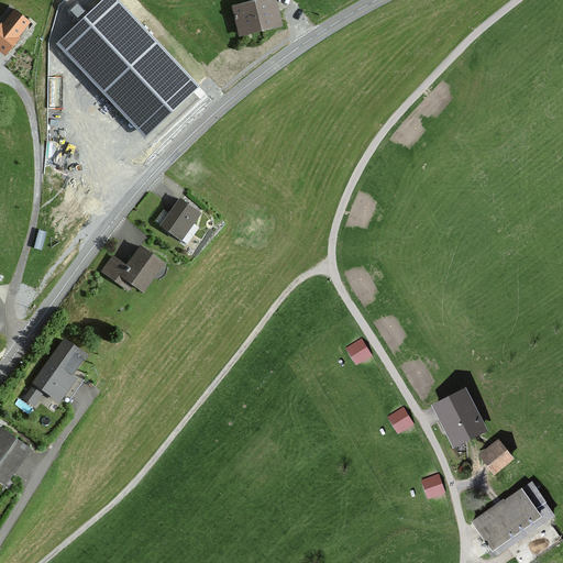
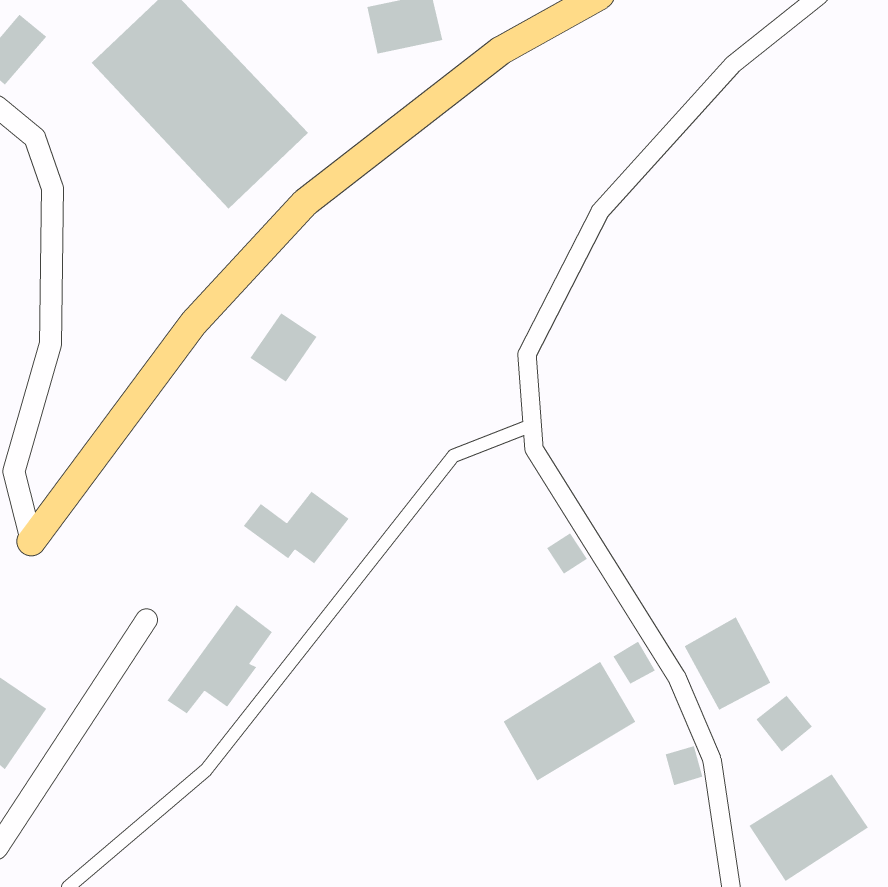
building: [98,245,165,291] -> [243,491,349,564]
building: [20,338,87,407] -> [166,604,273,714]
building: none -> [503,661,636,782]

